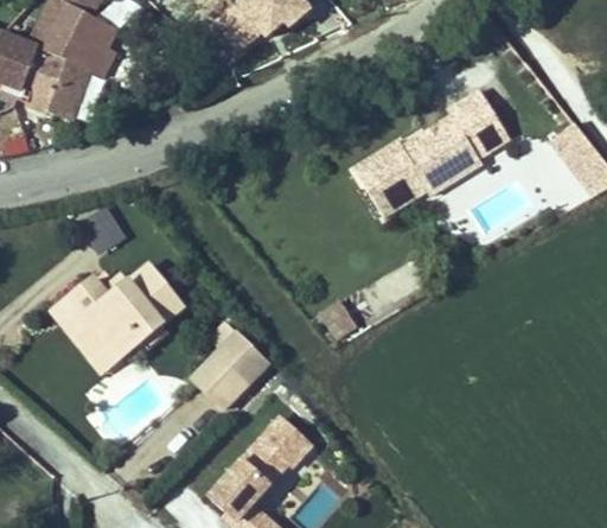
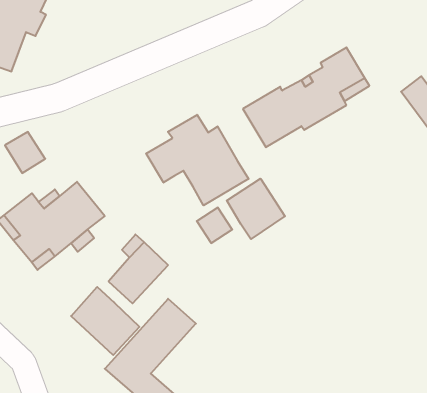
building: none -> [146,115,249,205]
building: none -> [227,179,285,239]
building: none -> [71,287,139,355]

